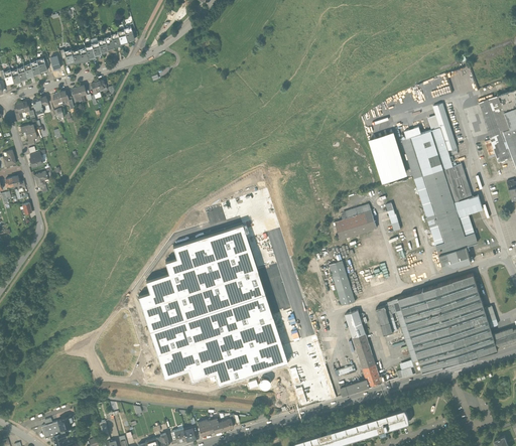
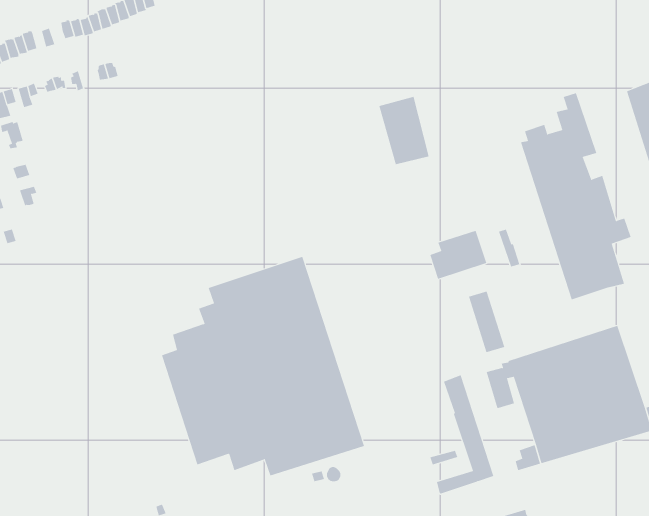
building: [369,131,406,181] -> [379,96,429,165]
building: [438,247,471,273] -> none
building: [329,261,356,306] -> [468,291,505,353]

